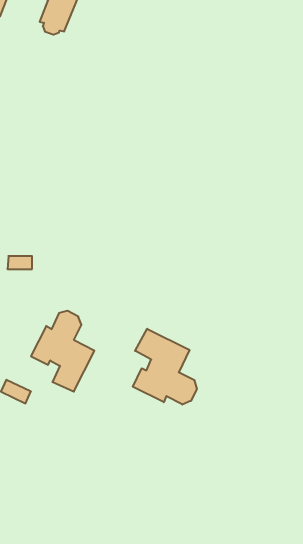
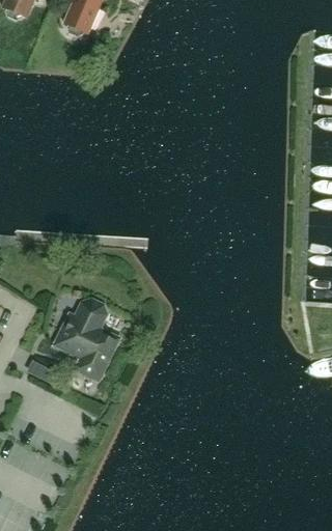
building: [133,329,197,405] -> none

